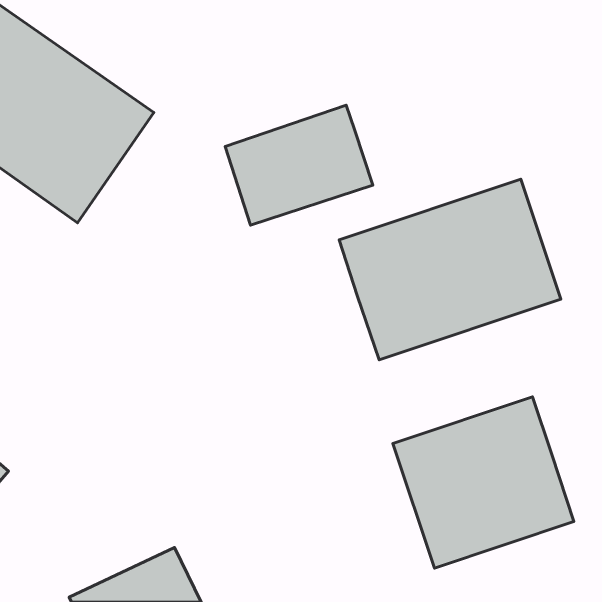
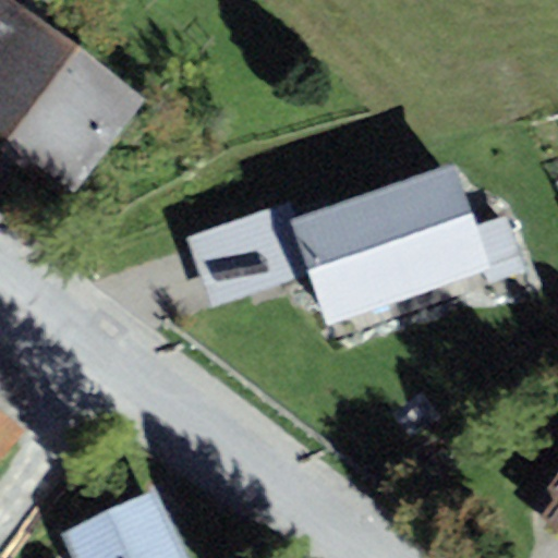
building: [225,105,373,225] -> [189,194,322,302]
building: [393,397,574,568] -> none

